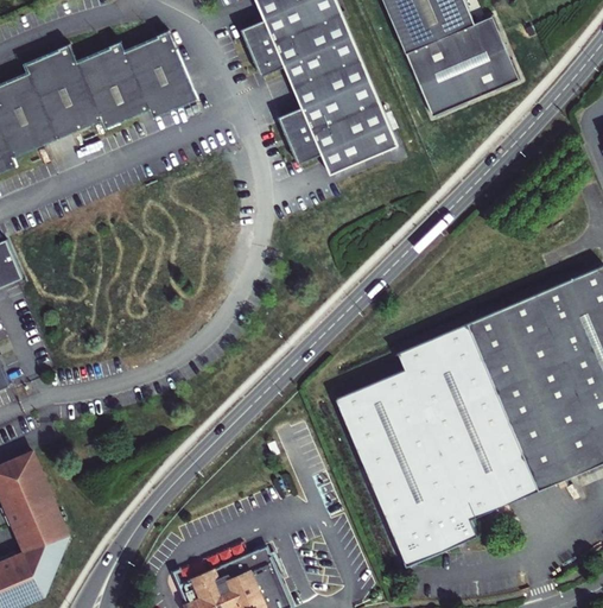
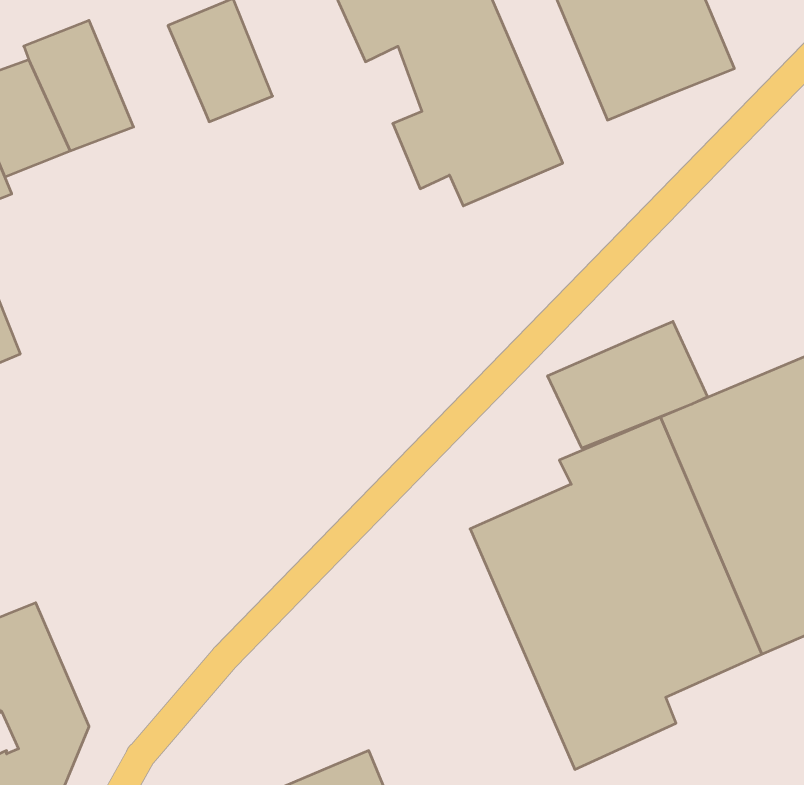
building: [78,45,151,127] -> none
building: none -> [548,321,707,448]

